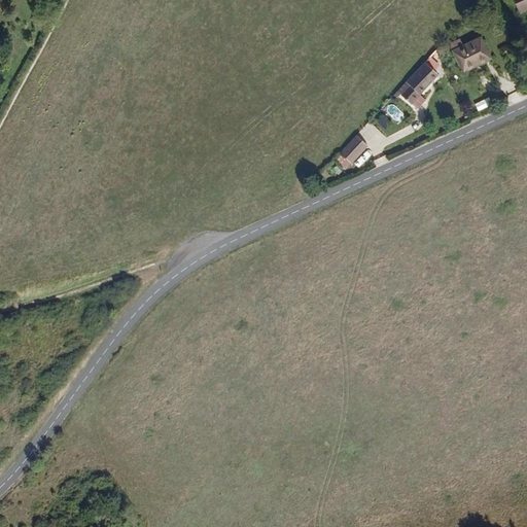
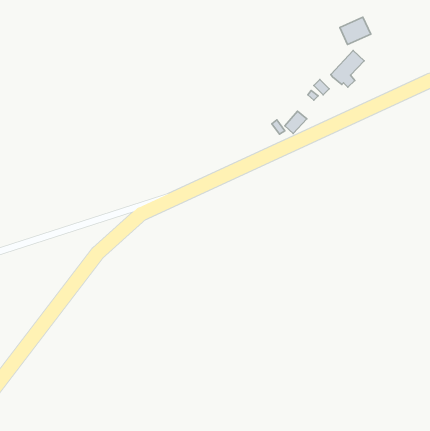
building: [453,37,490,70] -> [340,17,371,44]

